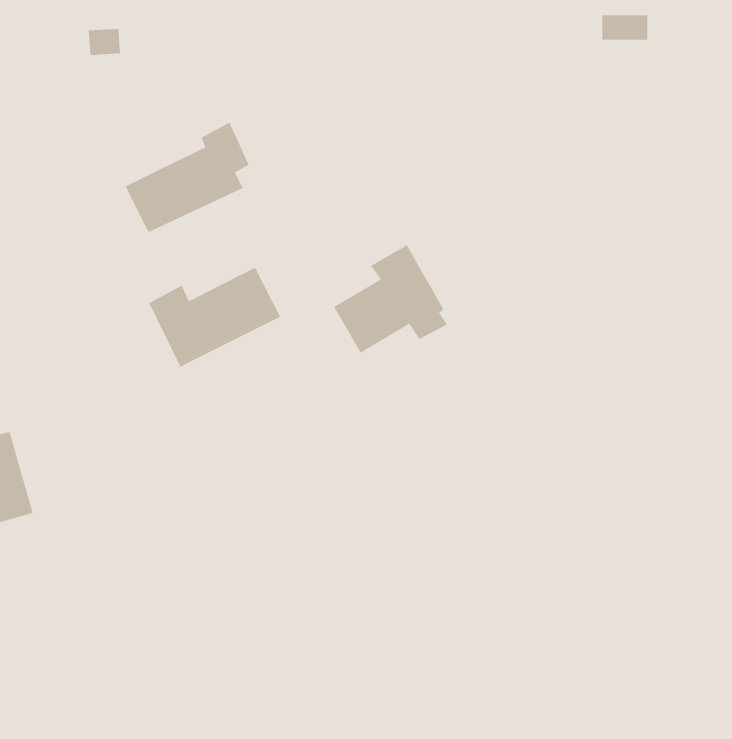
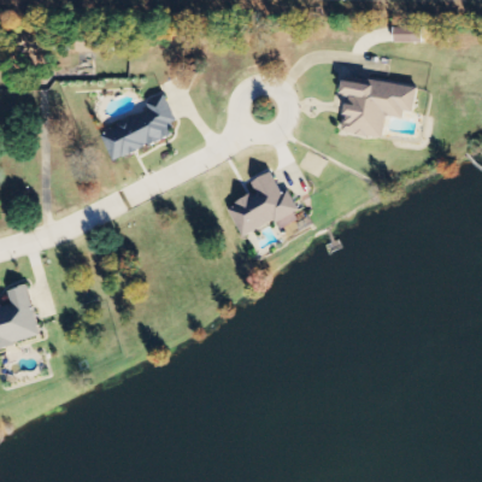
building: none -> [339,75,416,136]
building: [148,267,281,368] -> none

